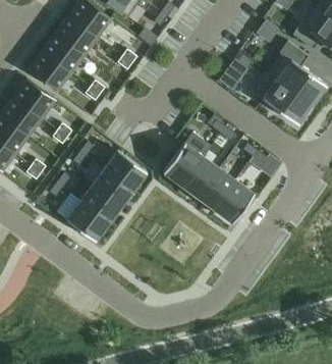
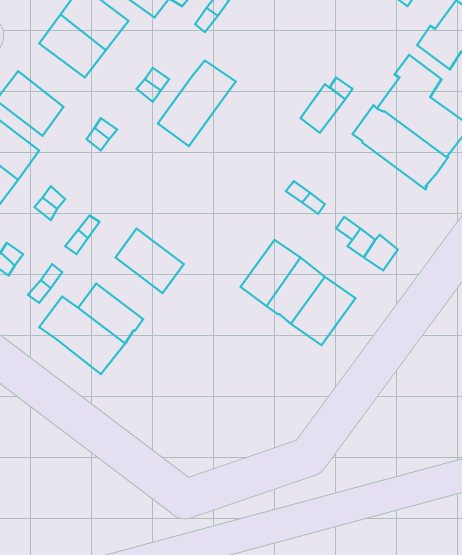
building: [43,33,85,72] -> none
building: [163,132,212,186] -> [158,60,236,146]
building: [85,162,133,206] -> none

